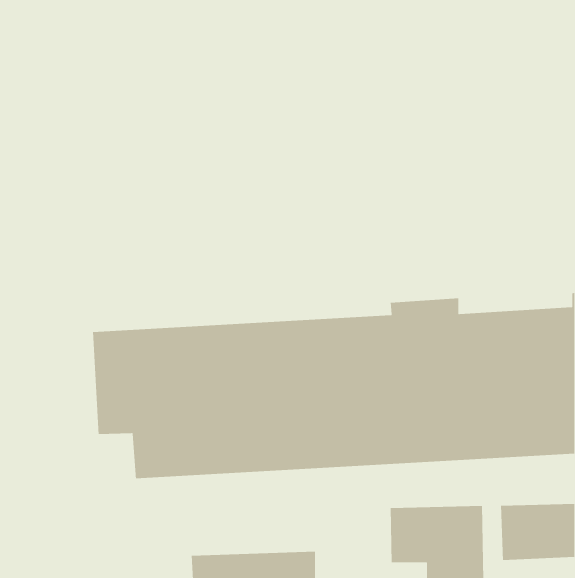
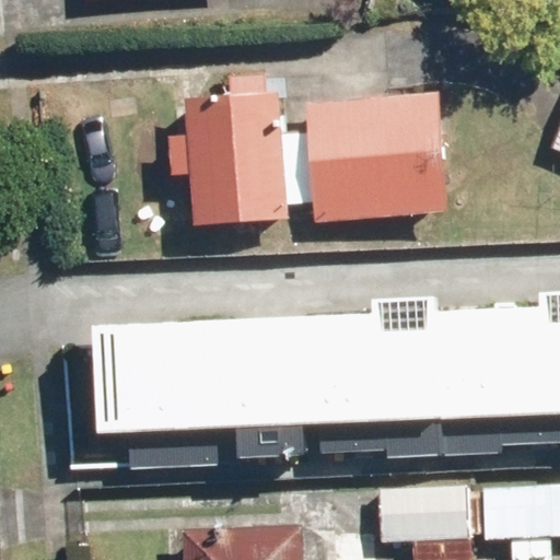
building: none -> [185,100,291,234]
building: none -> [305,101,450,235]

